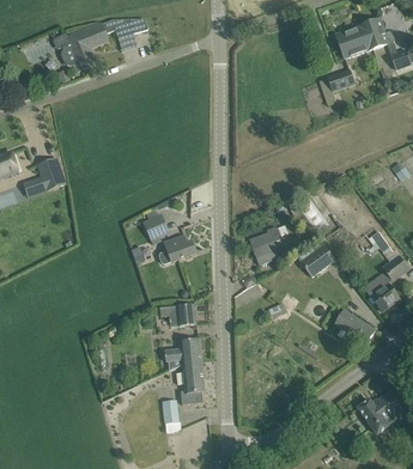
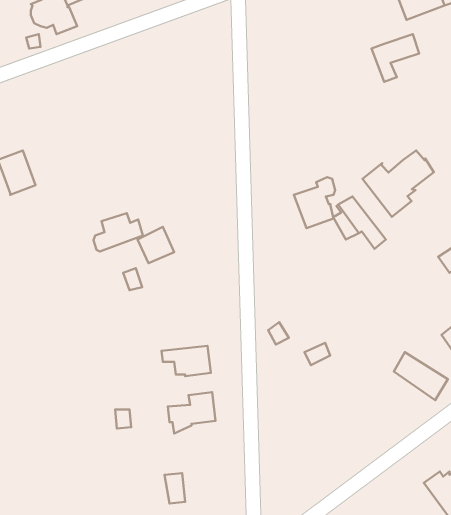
building: none -> [363,151,434,217]
building: [249,226,280,264] -> [294,177,335,228]
building: [158,236,195,264] -> [93,213,143,251]
building: [298,239,335,276] -> none
building: [176,360,204,404] -> none

